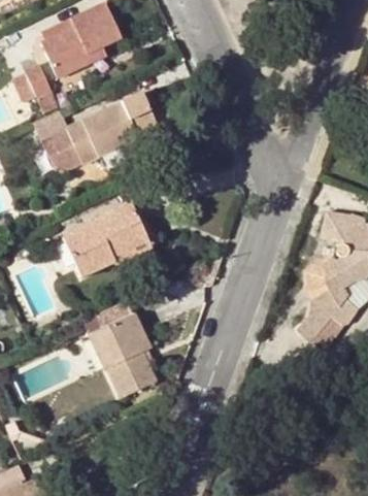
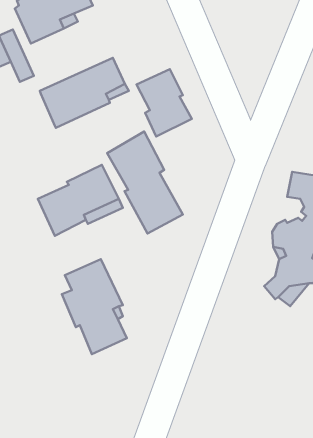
building: none -> [136,69,192,137]
building: [42,129,81,173] -> none
building: none -> [107,131,183,233]

